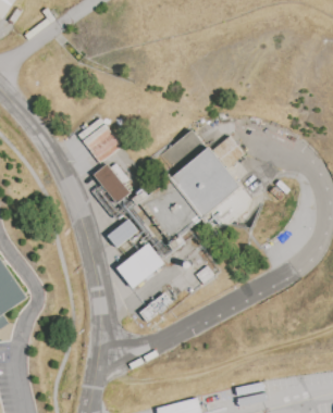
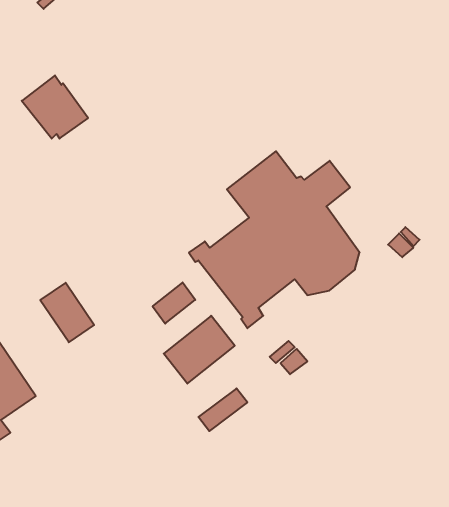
building: [77,117,123,161] -> [22,75,88,139]
building: [89,163,131,203] -> none
building: none -> [40,283,94,342]

